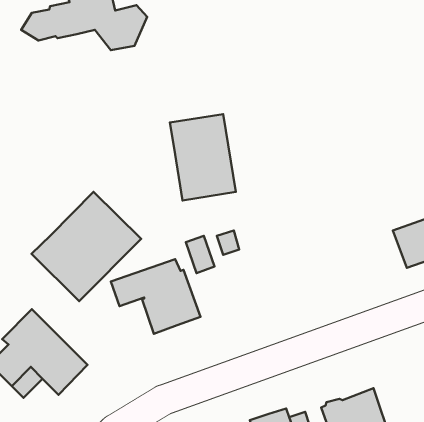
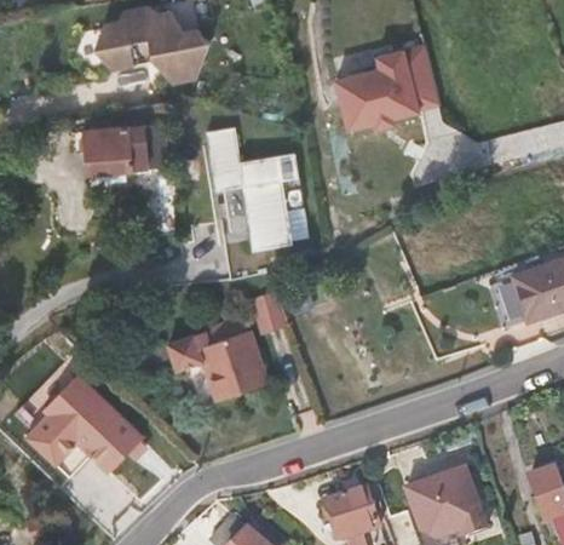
building: none -> [330,41,441,132]
building: none -> [86,125,165,172]
building: none -> [198,127,238,194]
building: [31,192,141,301] -> none

